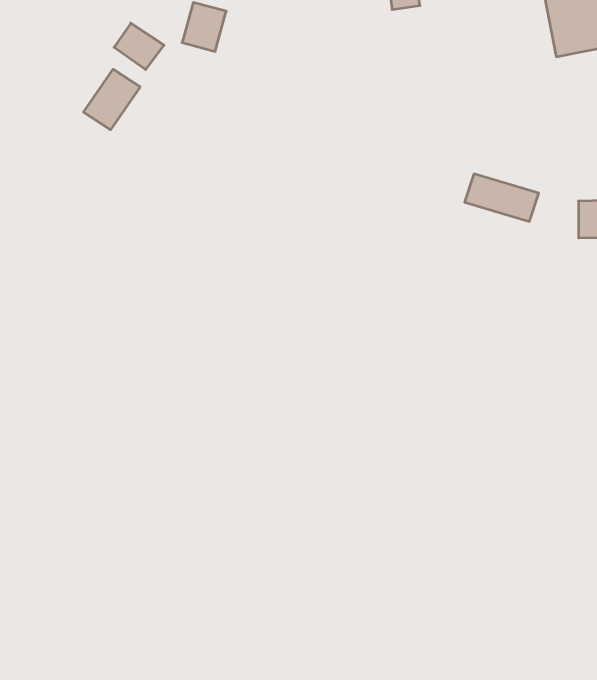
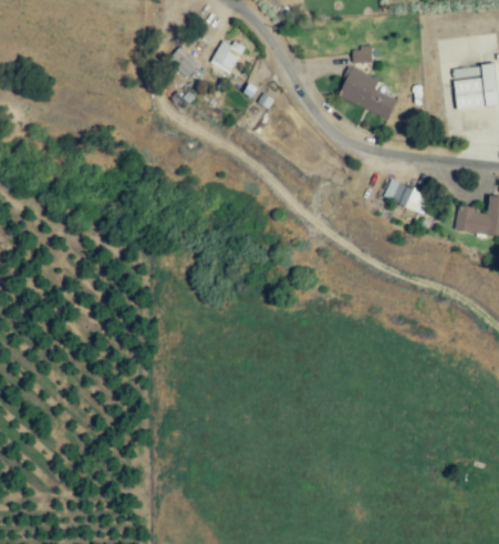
building: none -> [340,66,397,117]
building: [84,69,140,130] -> none

